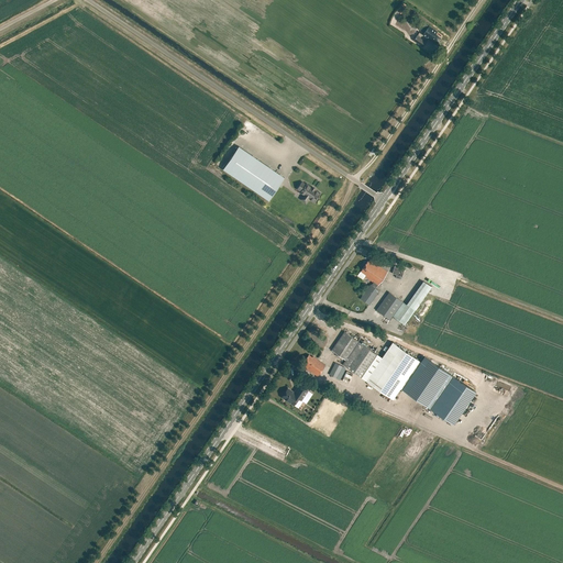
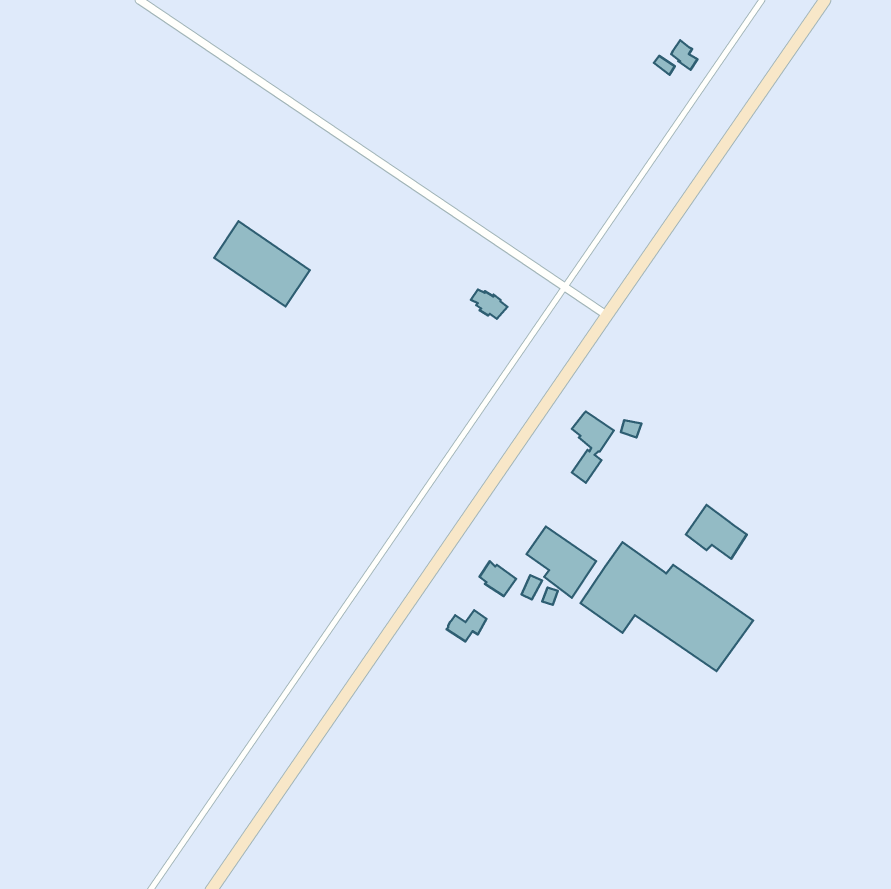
building: [223,147,284,201] -> [214,221,310,307]
building: [376,292,415,327] -> [686,505,747,559]

